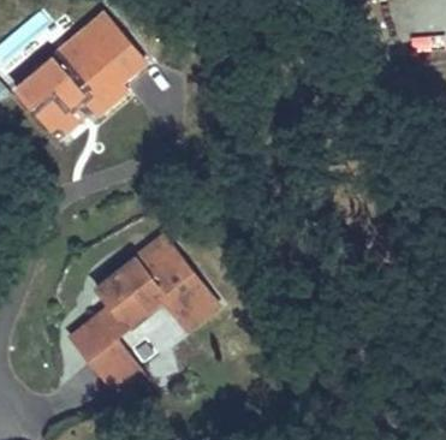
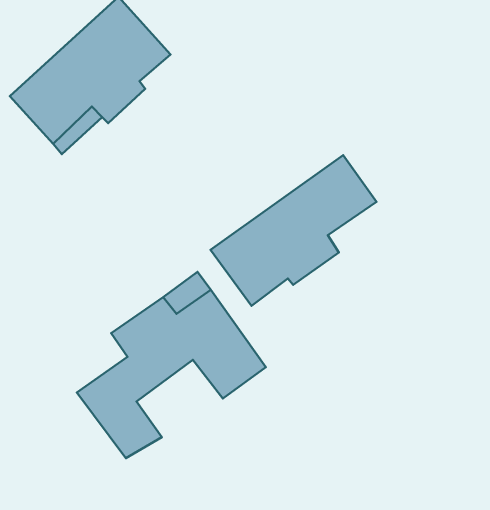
building: none -> [211,155,377,306]

